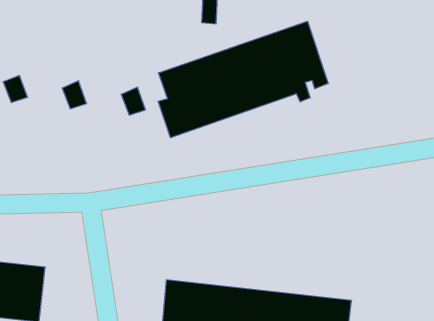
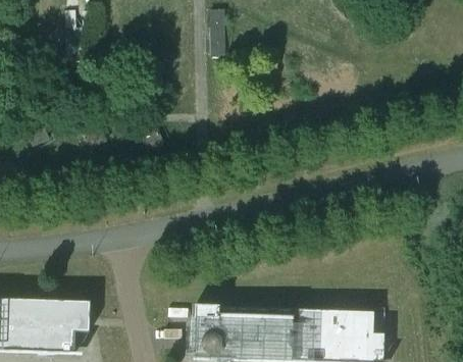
building: [158,21,328,138] -> none

